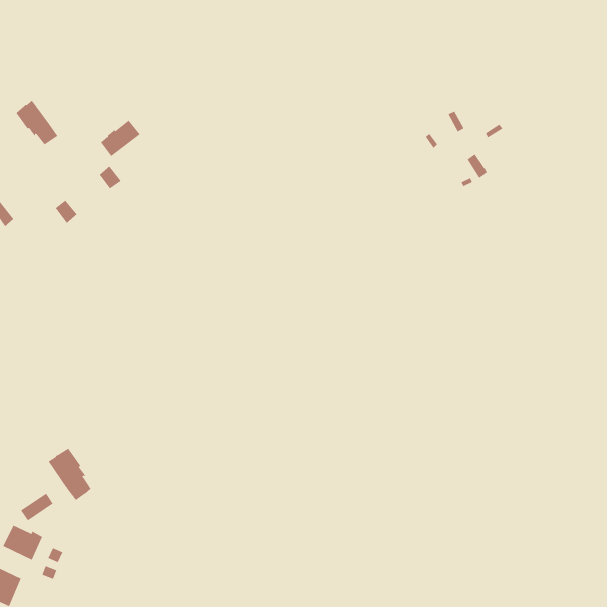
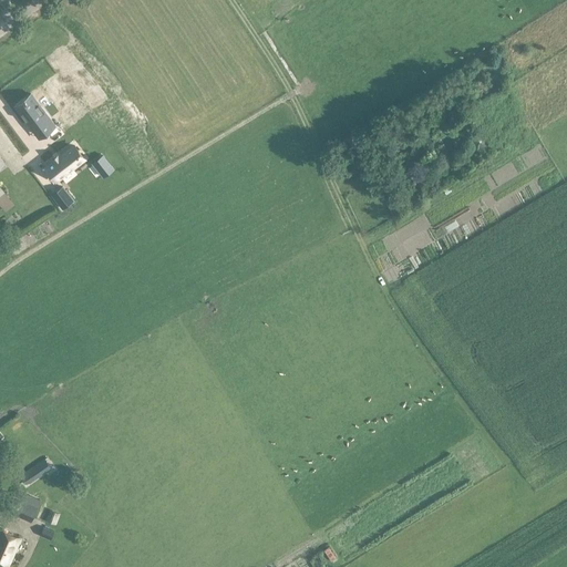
building: [100,120,141,157] -> [45,146,83,181]
building: [48,448,91,501] -> none

